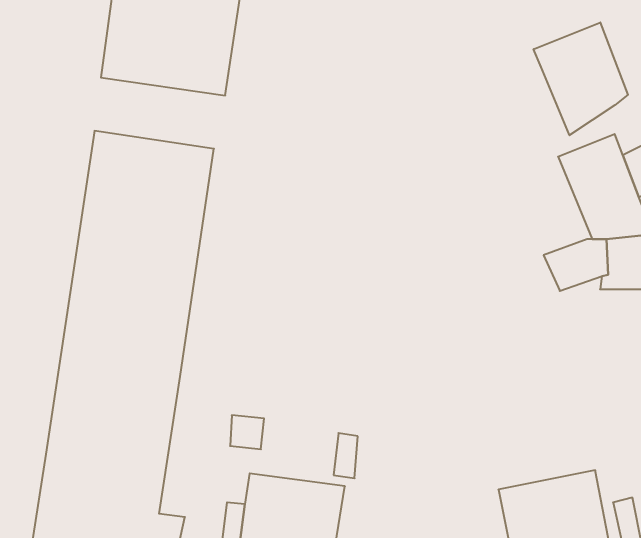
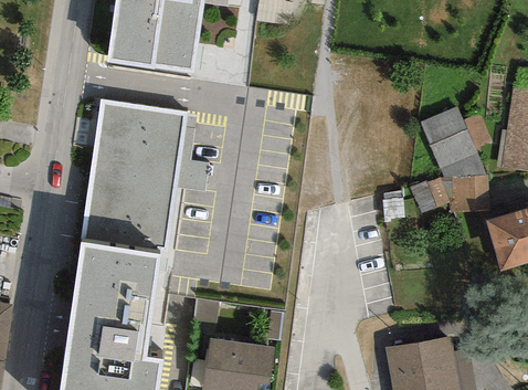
building: [534,22,628,135] -> none

